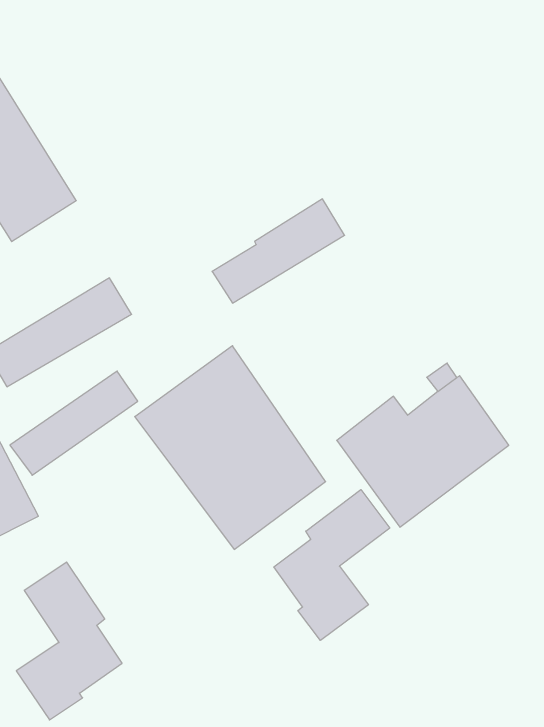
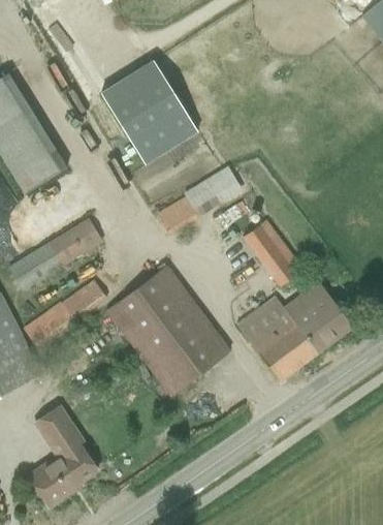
building: none -> [104,59,197,159]
building: none -> [241,219,302,287]
building: [274,490,390,640] -> none

